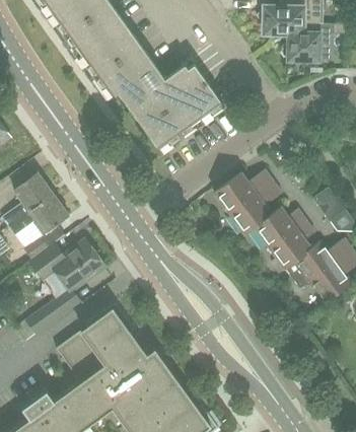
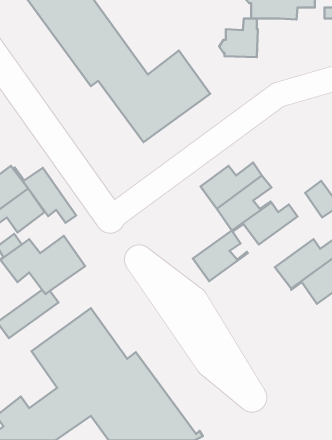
building: [283,23,319,60] -> [219,18,258,57]
building: none -> [14,167,76,223]
building: [270,220,322,268] -> [193,230,248,281]

